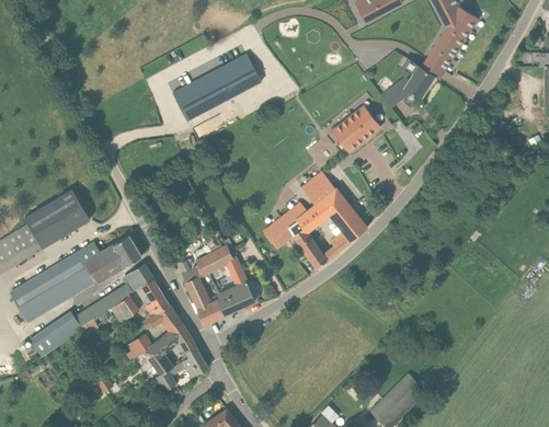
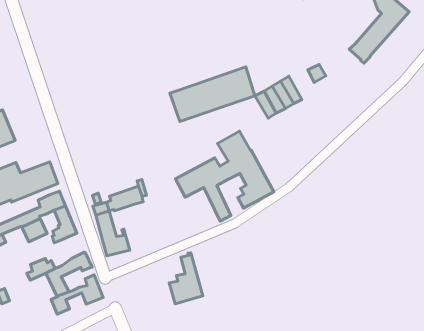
building: [172,53,261,120] -> [170,67,255,121]
building: [402,58,435,99] -> none
building: [218,257,255,313] -> [169,253,203,304]
building: [142,304,181,332] -> none

